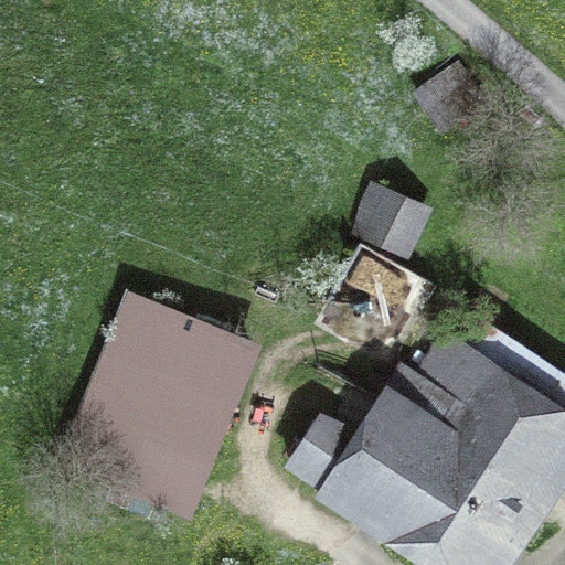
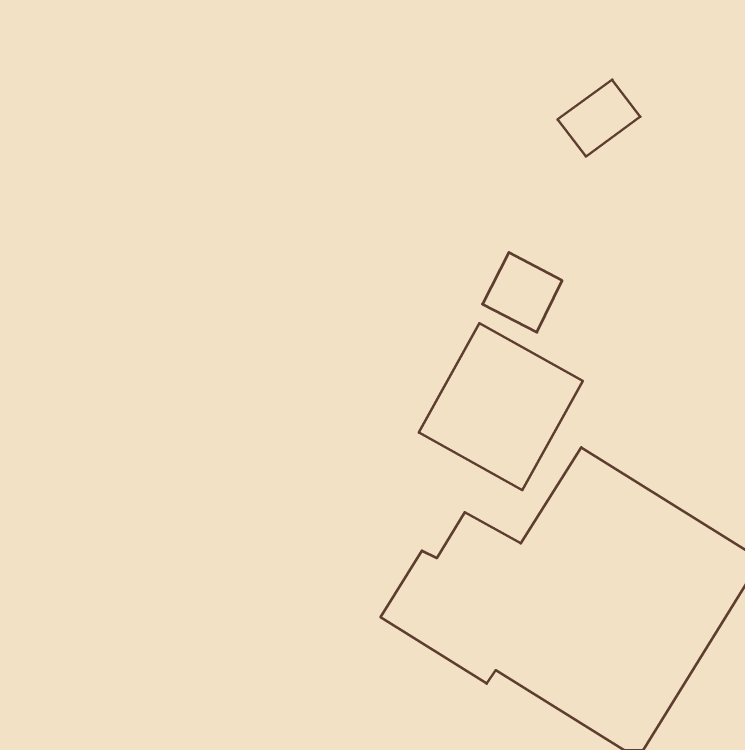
building: [75,299,255,504] -> none

